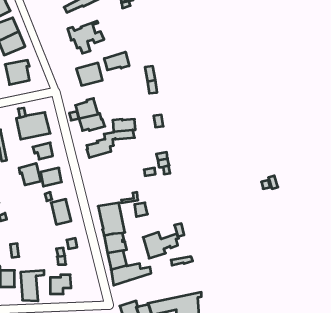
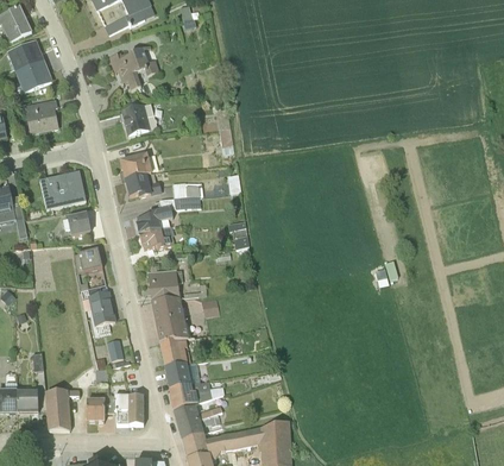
building: [104,52,129,70] -> none
building: none -> [139,225,174,247]
building: [19,163,40,185] -> none
building: none -> [147,267,182,300]
building: [143,232,179,258] -> [172,401,221,436]
building: none -> [113,393,143,423]

